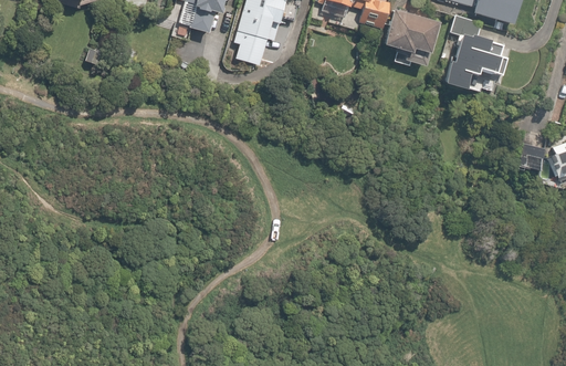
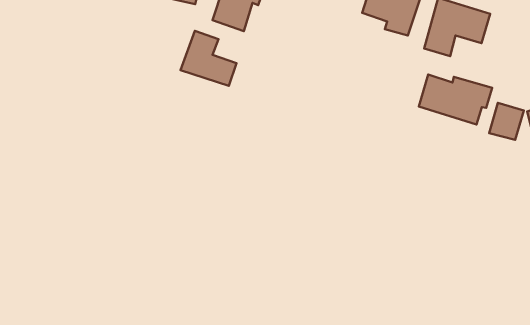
building: none -> [181,31,236,86]
building: none -> [419,75,492,125]

